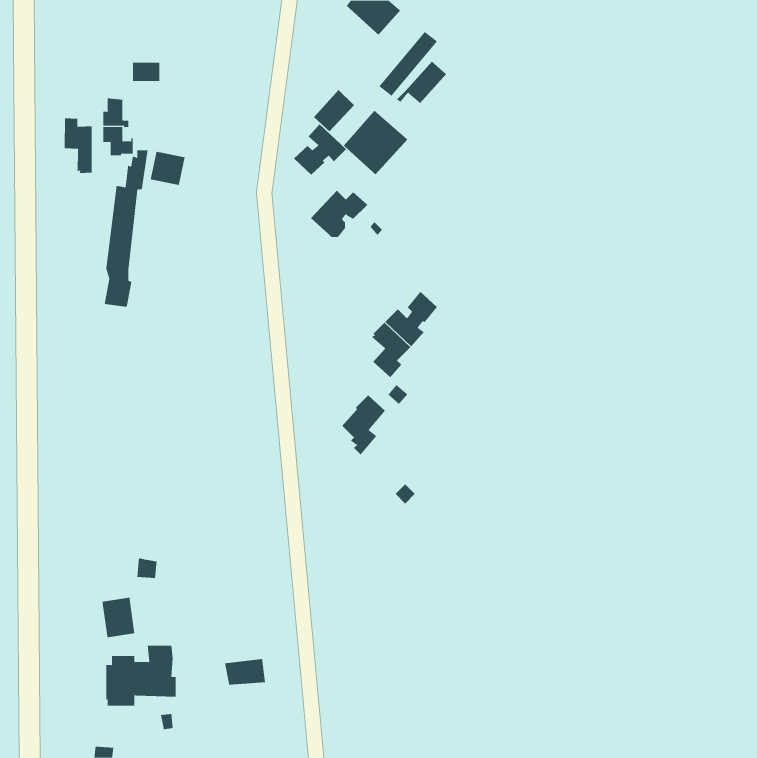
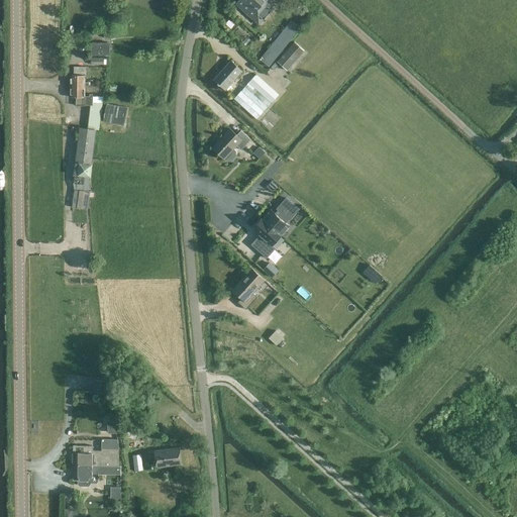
building: [64,117,92,174] -> none
building: [293,124,347,175] -> none
building: [102,597,135,638] -> none

